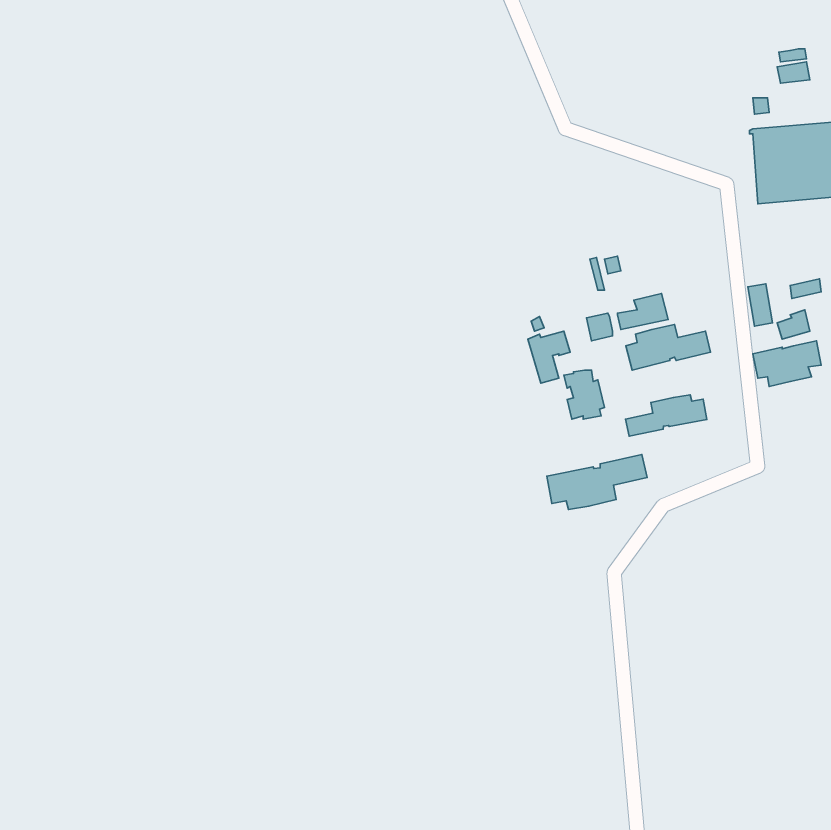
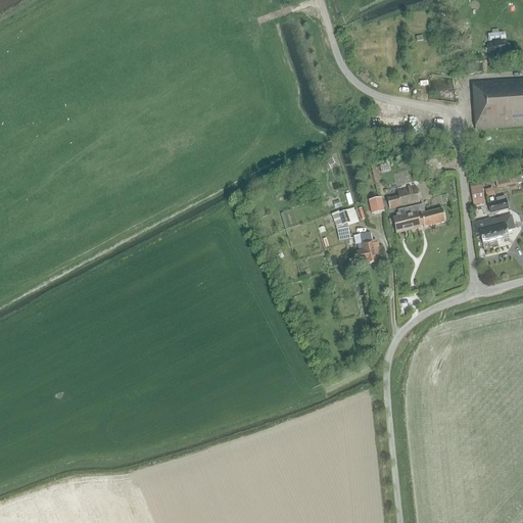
building: [625,395,707,436] -> none
building: [547,454,647,510] -> none

